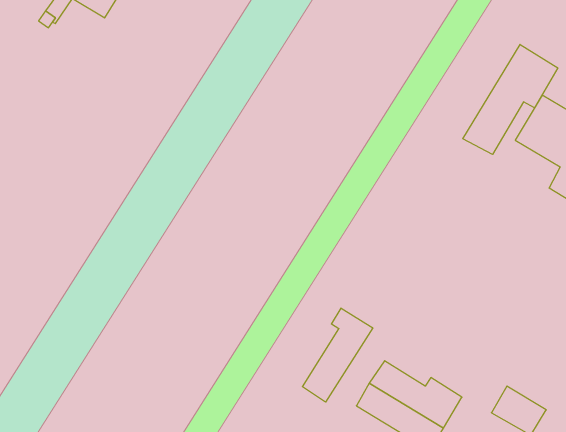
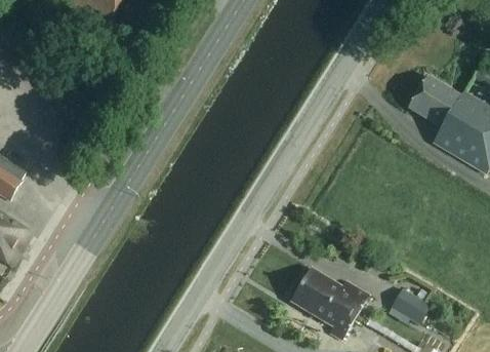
building: [463,44,558,154] -> none
building: [302,308,373,402] -> none

